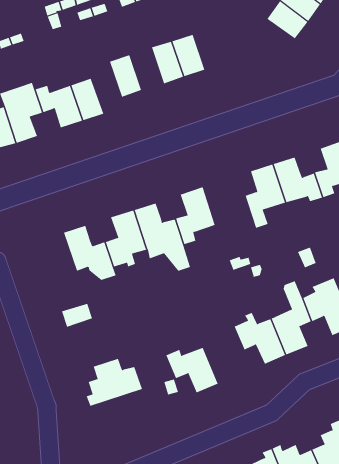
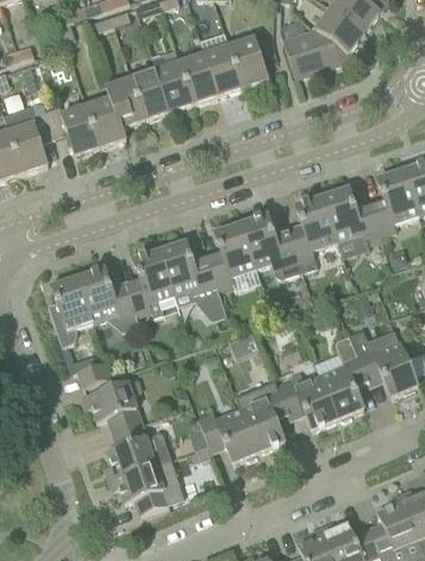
building: none -> [283,27,349,77]
building: none -> [230,37,269,87]
building: none -> [156,61,195,111]
building: none -> [107,77,146,138]
building: none -> [242,214,302,277]
building: none -> [49,276,94,346]
building: none -> [82,378,143,431]
building: none -> [242,385,292,452]
building: none -> [110,458,182,512]

